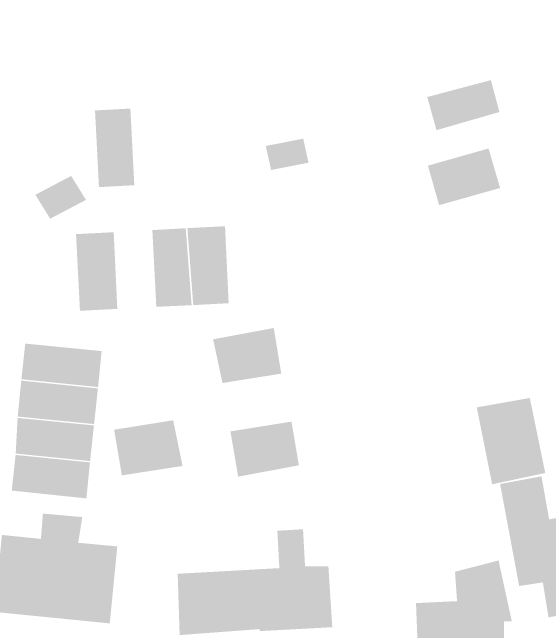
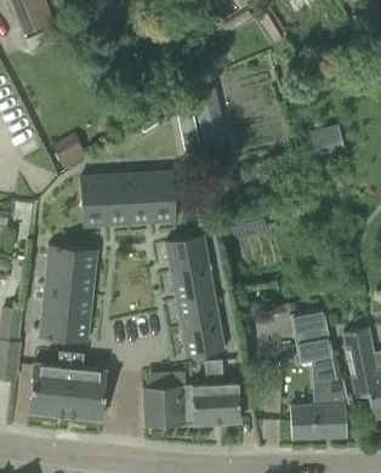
building: [426,79,500,131] -> none
building: [94,108,135,188] -> [104,175,130,224]
building: [476,397,546,485] -> [290,309,334,364]
building: [113,420,184,476] -> [171,264,215,300]
building: none -> [181,321,224,358]

